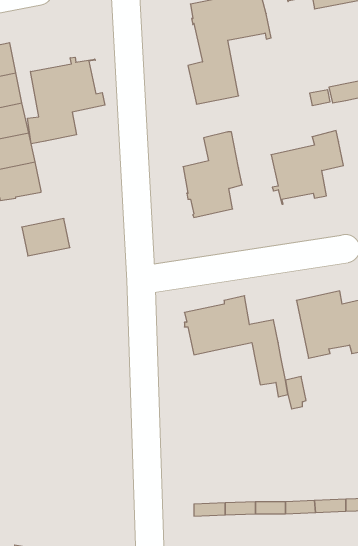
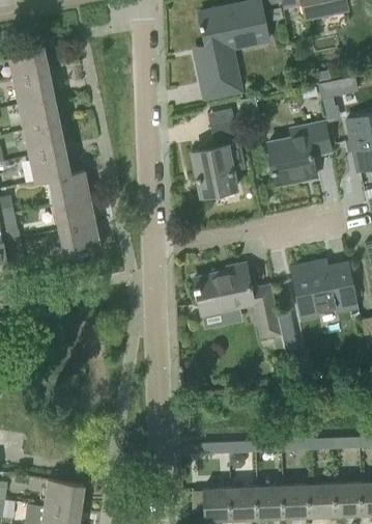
building: [28,57,105,144] -> none
building: none -> [49,170,90,204]
building: none -> [59,222,101,256]

